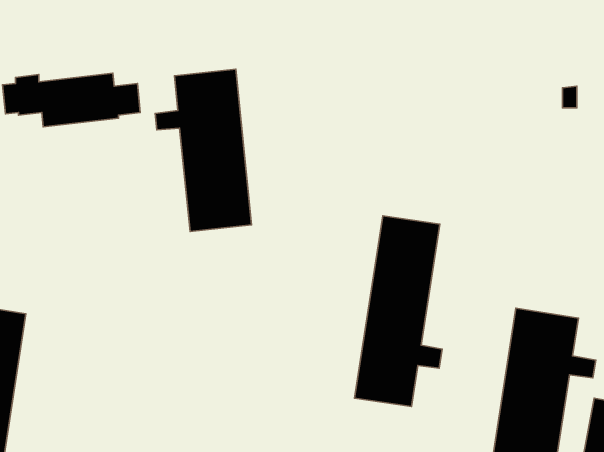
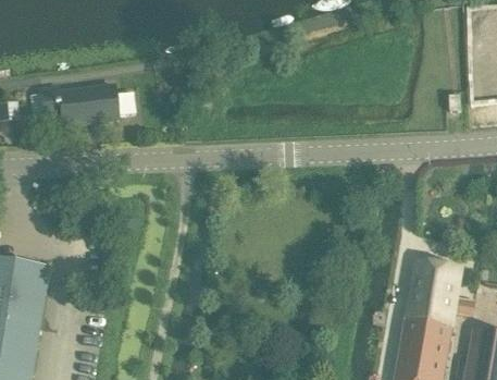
building: [155,69,251,231] -> none
building: [355,216,442,407] -> none

